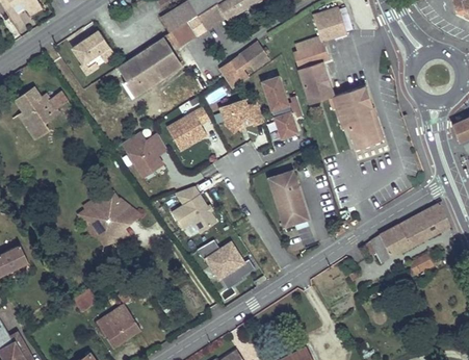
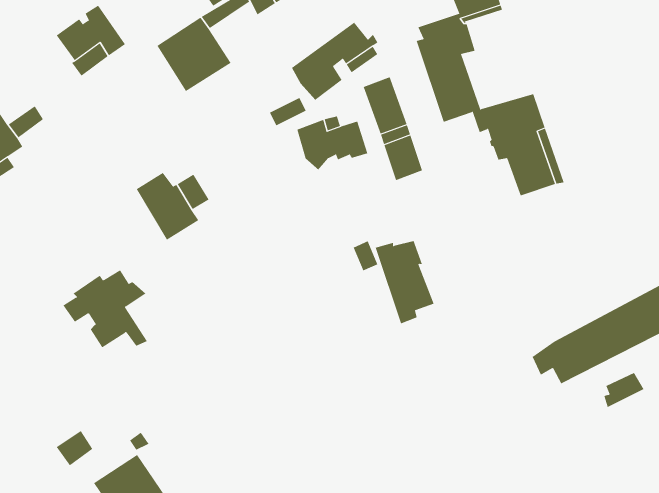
building: [120,56,153,98] -> none
building: [167,107,210,151] -> none
building: [171,186,215,230] -> none
building: [199,239,255,289] -> none

